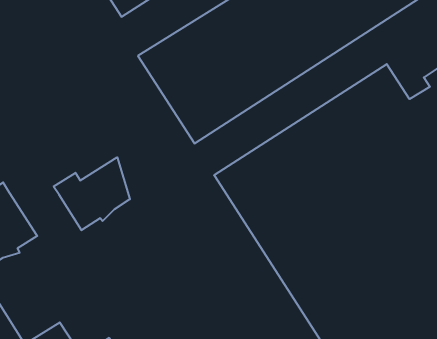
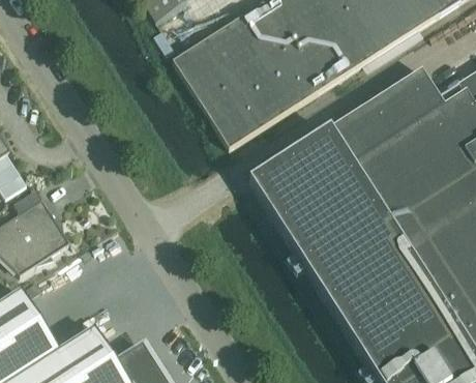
building: [54,157,130,230] -> none

